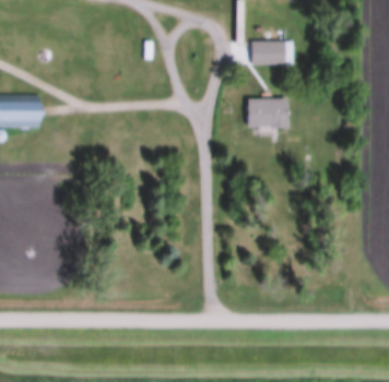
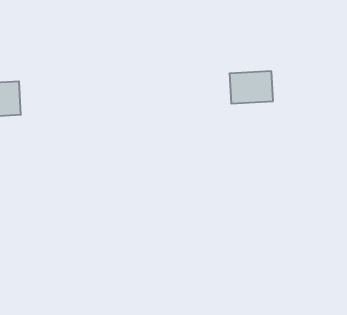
building: [254,41,295,65] -> none

